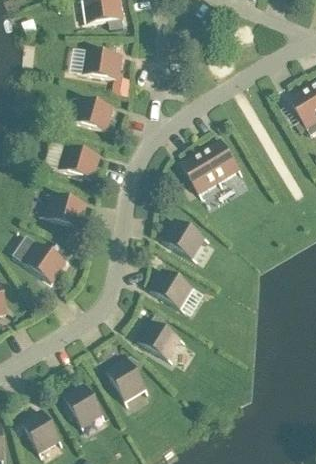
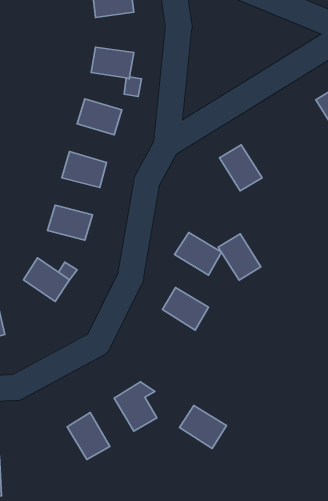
building: [182,151,221,193] -> [218,234,261,280]
building: [137,320,180,359] -> [179,406,227,448]
building: [21,409,59,452] -> none

